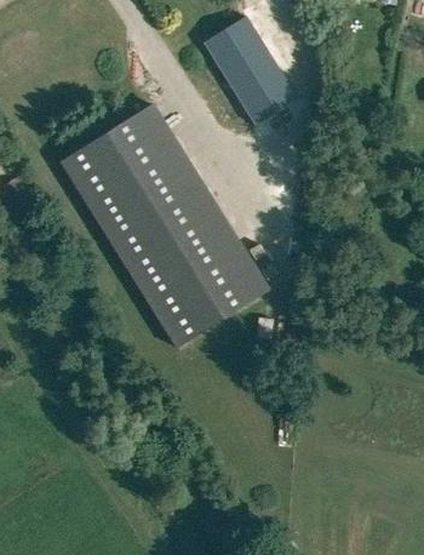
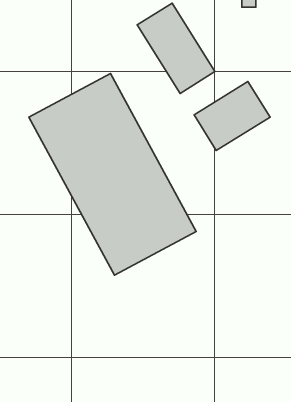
building: none -> [194,81,270,151]

